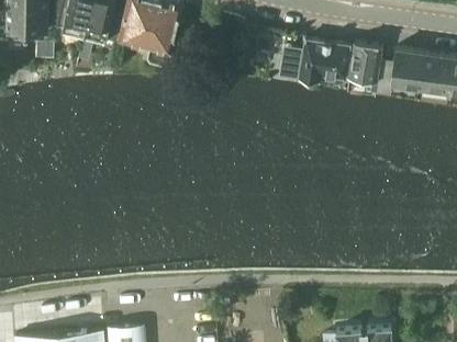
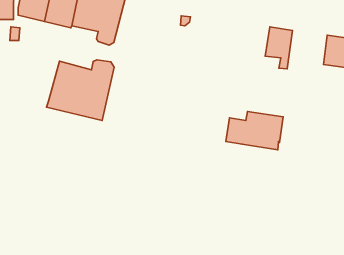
building: [279,41,348,87] -> [226,111,283,150]
building: [376,49,424,96] -> none
building: none -> [46,60,114,120]

